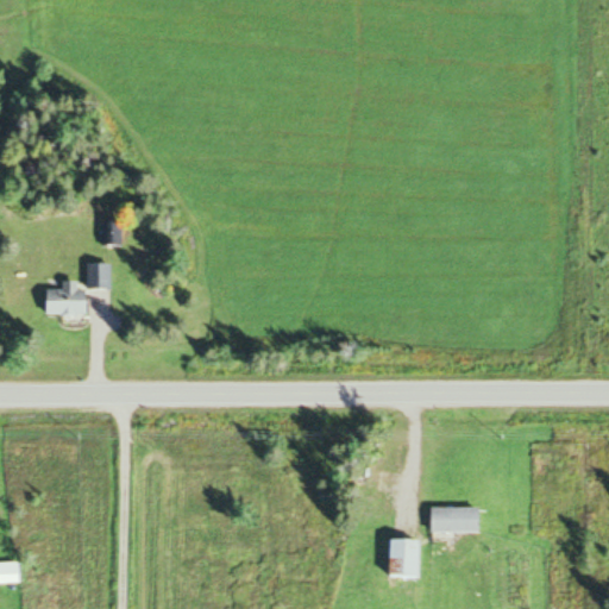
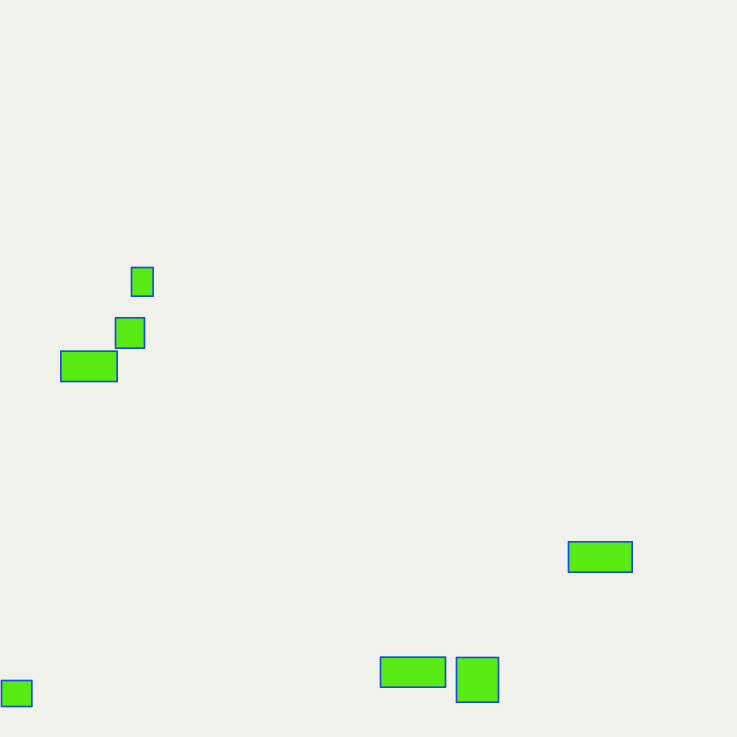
building: [419,508,471,533] -> [569,542,632,572]
building: none -> [381,657,446,687]

